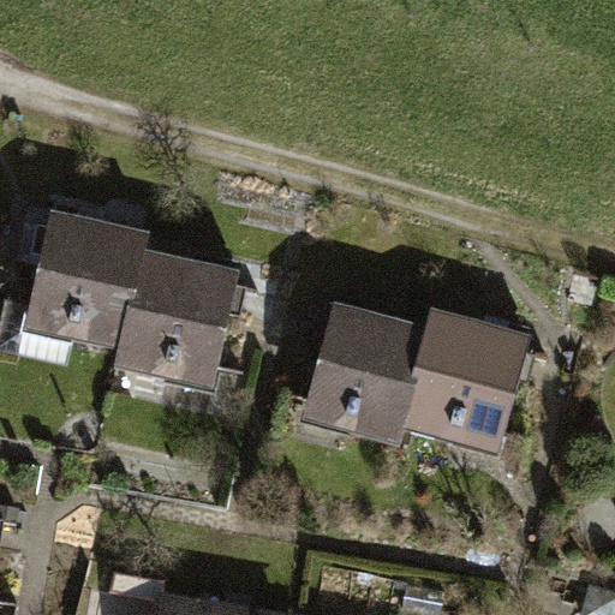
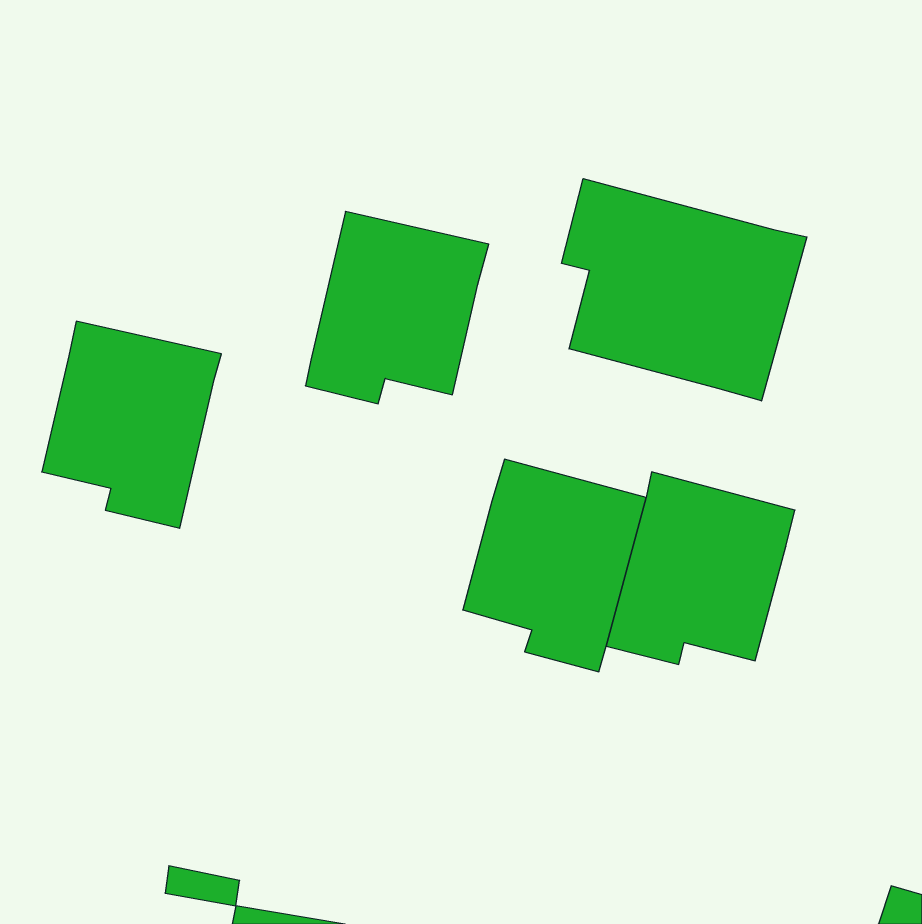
building: none -> [562,179,807,401]
building: [115,251,237,378] -> [305,211,489,404]

